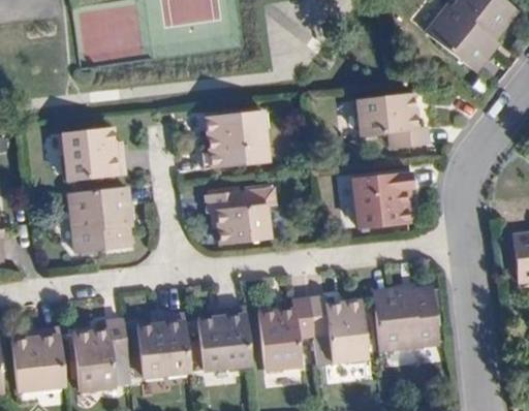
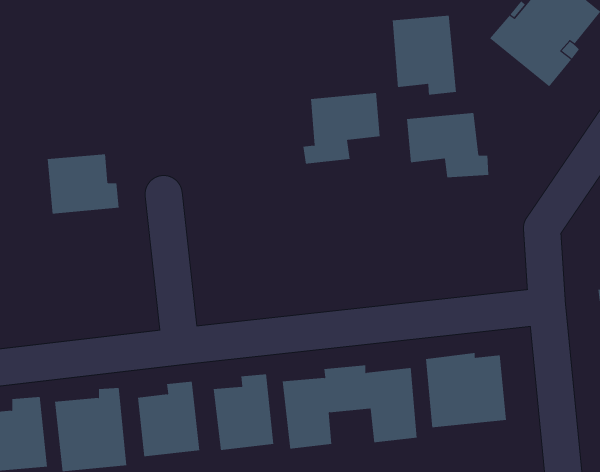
building: none -> [392,15,456,95]
building: [199,108,263,167] -> [303,92,381,164]
building: [354,172,410,225] -> none
building: [69,187,129,251] -> none
building: [206,190,268,241] -> none

